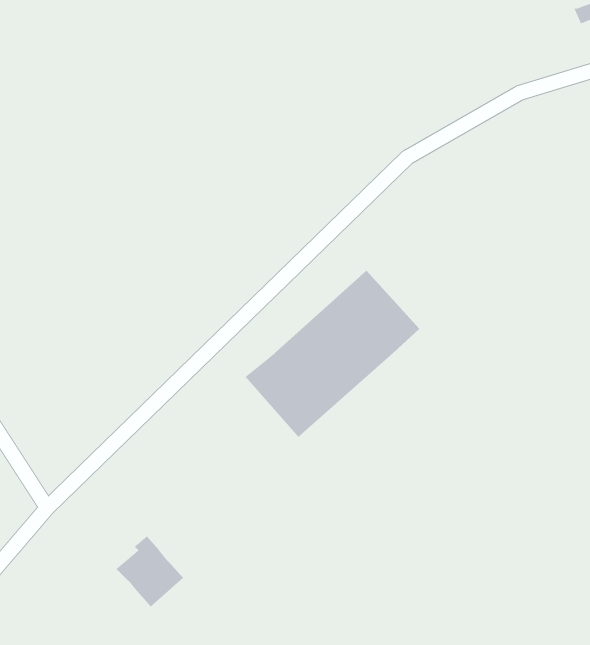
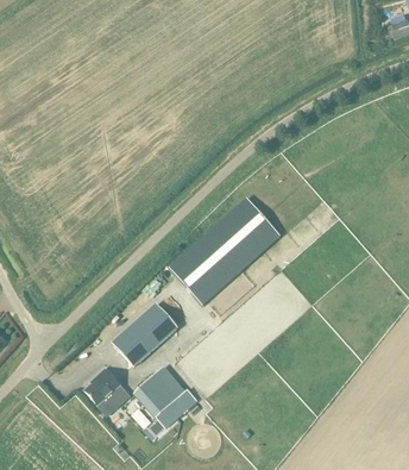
building: none -> [113,303,176,364]
building: none -> [134,366,197,427]

